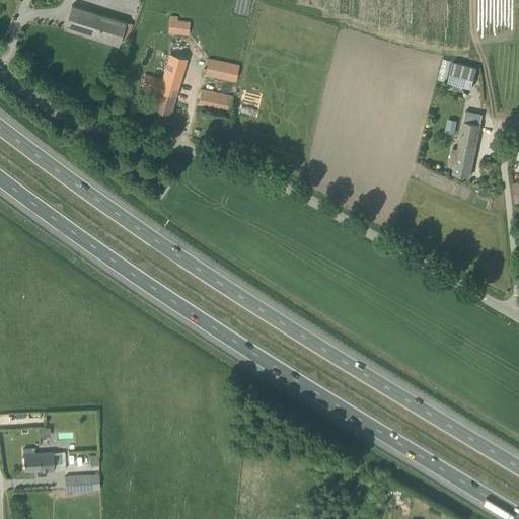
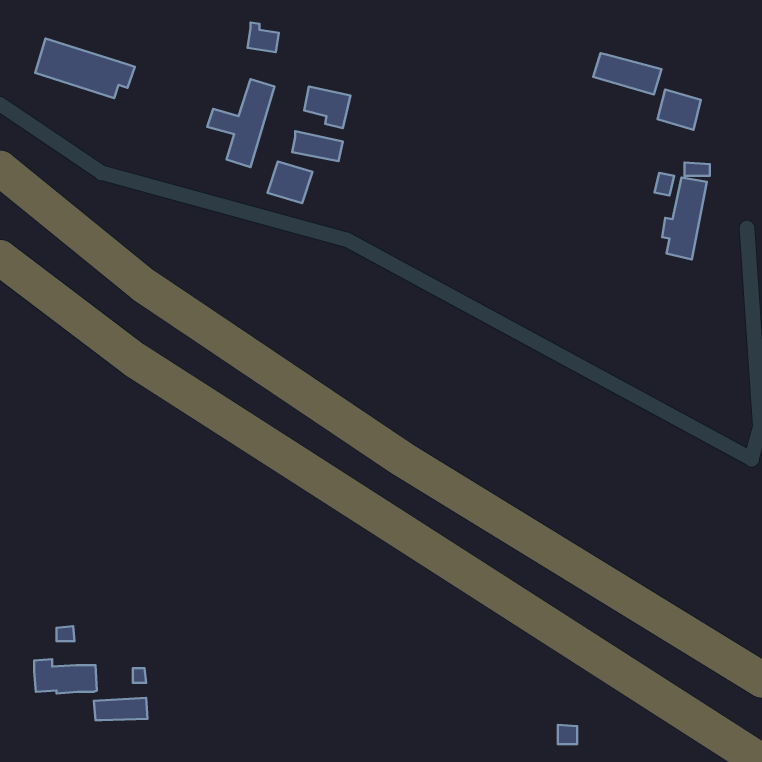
building: [64,5,132,46] -> [35,39,135,98]
building: none -> [593,53,662,95]
building: none -> [267,162,313,203]

